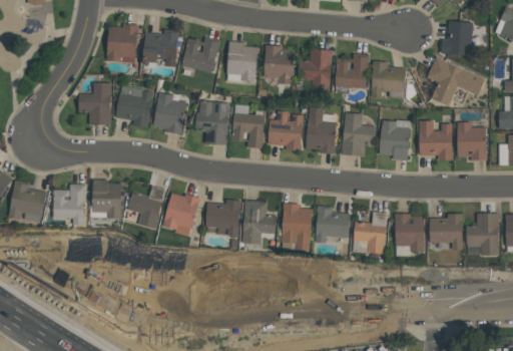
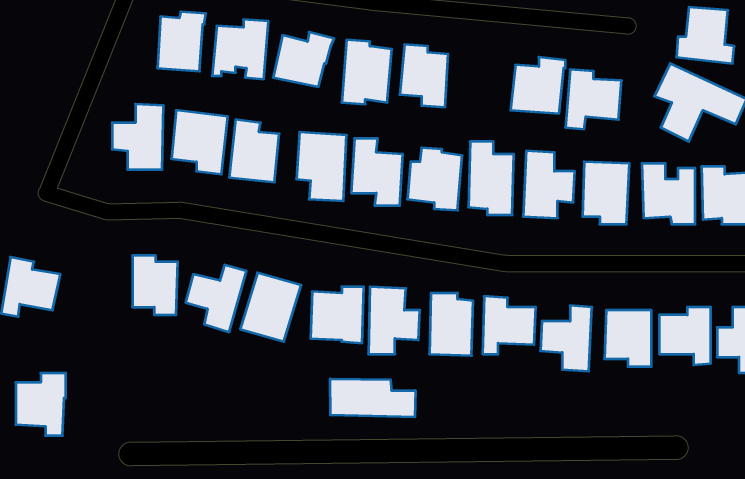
building: [299,48,334,91] -> none
building: [53,185,85,225] -> [16,373,66,436]
building: none -> [330,379,415,417]

